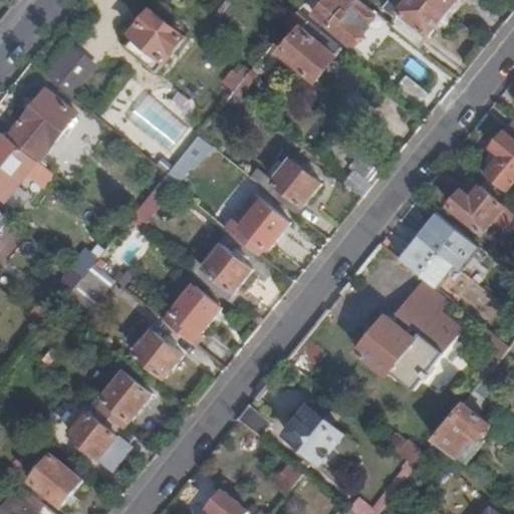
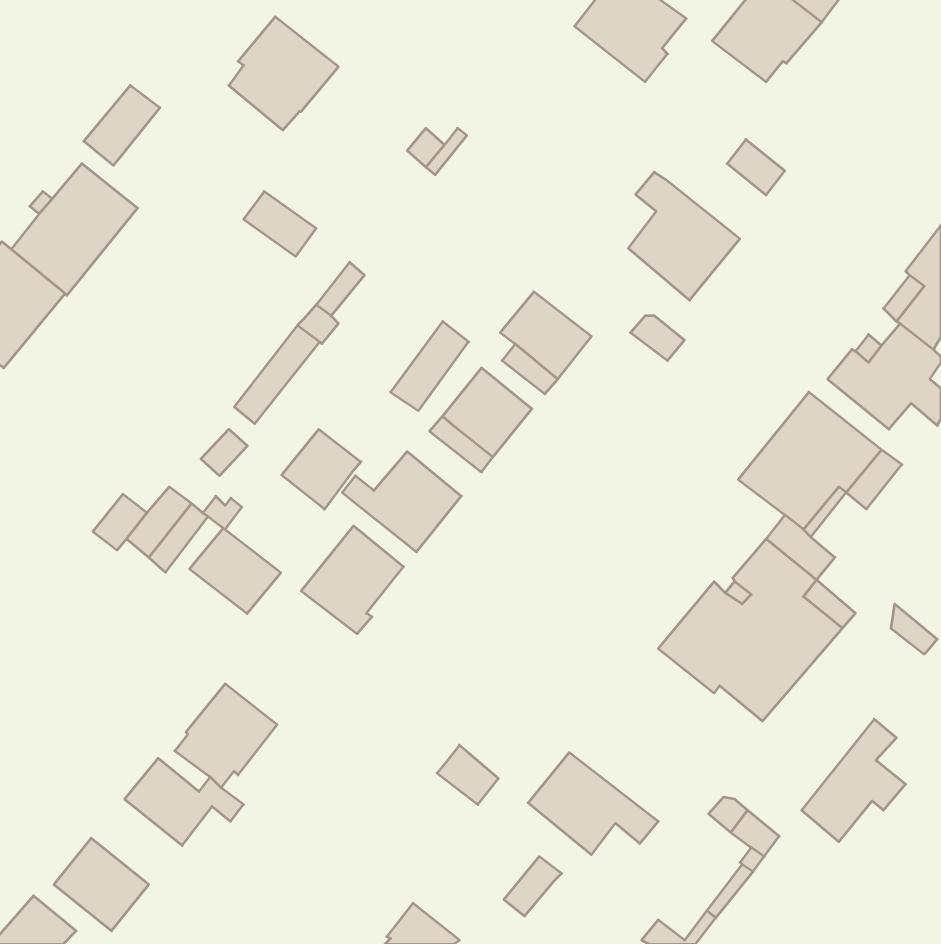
building: [280,10,340,79] -> [628,172,740,300]
building: none -> [282,429,361,509]
building: [132,329,181,375] -> [190,528,281,614]

